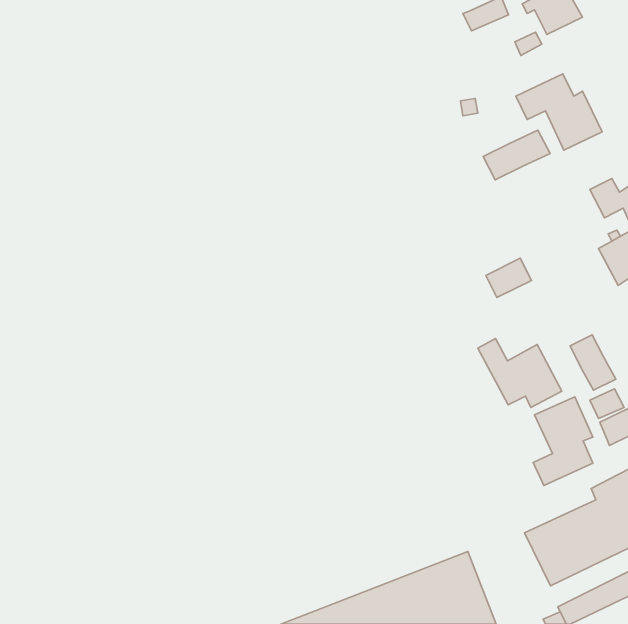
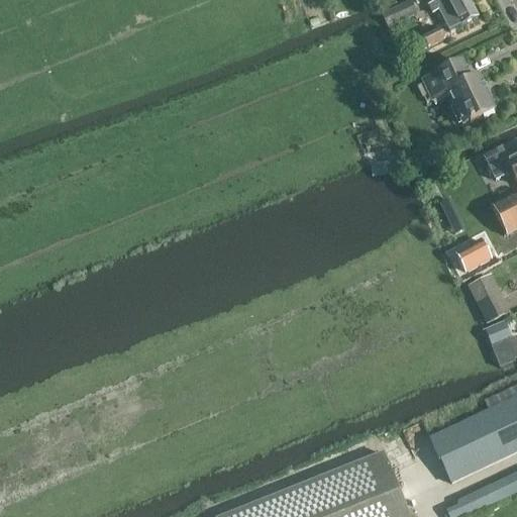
building: [483,130,550,180] -> none
building: [486,258,531,298] -> [454,238,492,271]
building: [478,338,562,407] -> none
building: [533,397,593,486] -> none

